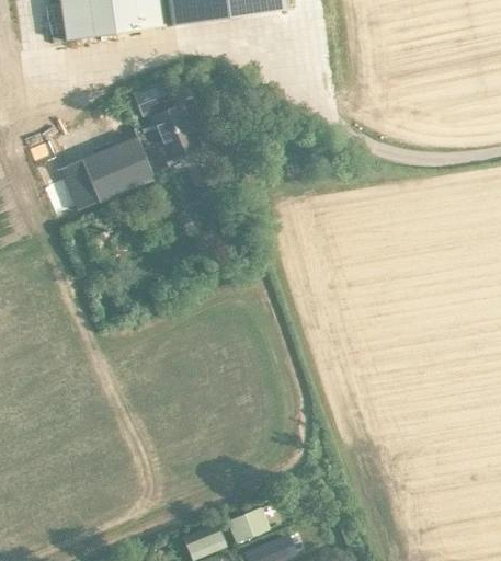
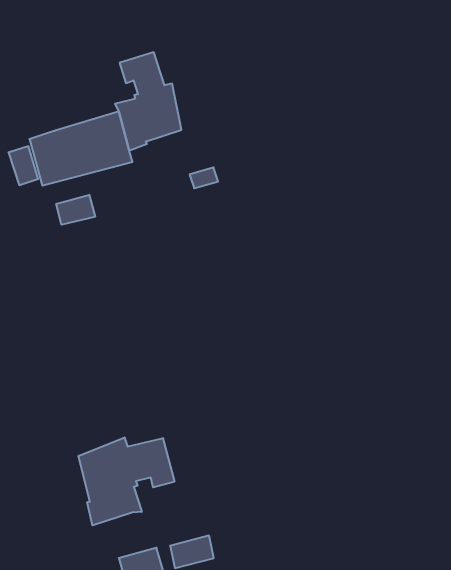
building: none -> [56,195,95,225]
building: none -> [79,437,174,525]

